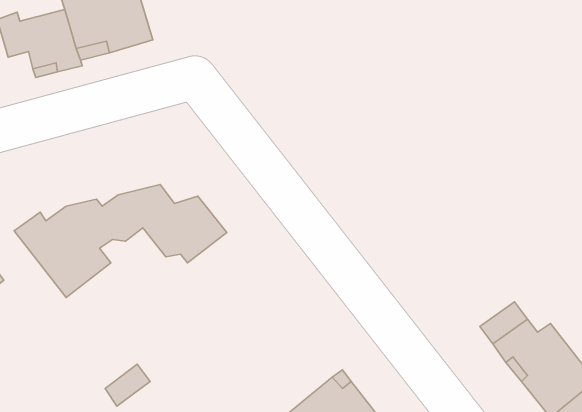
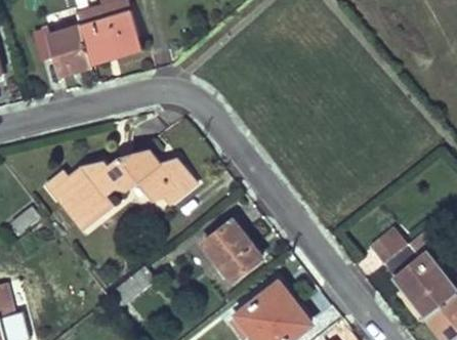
building: none -> [203,220,260,279]

